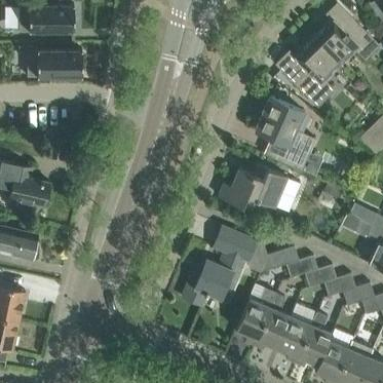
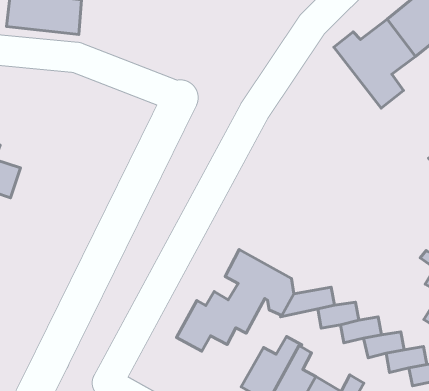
building: [255,97,314,171] -> none
building: [218,163,300,212] -> none

